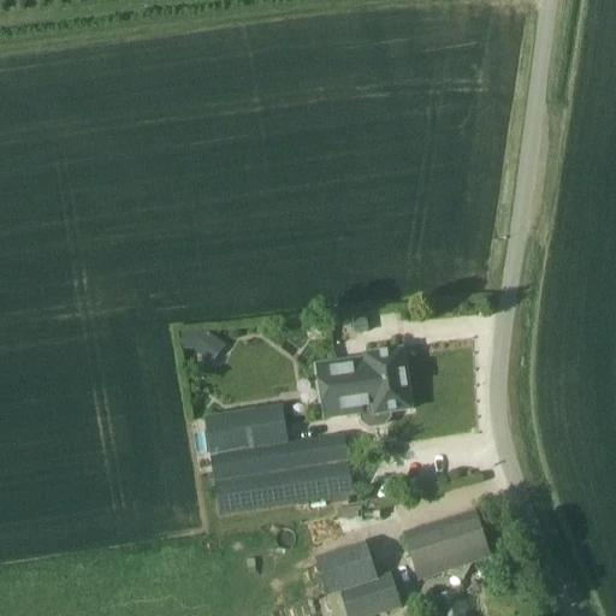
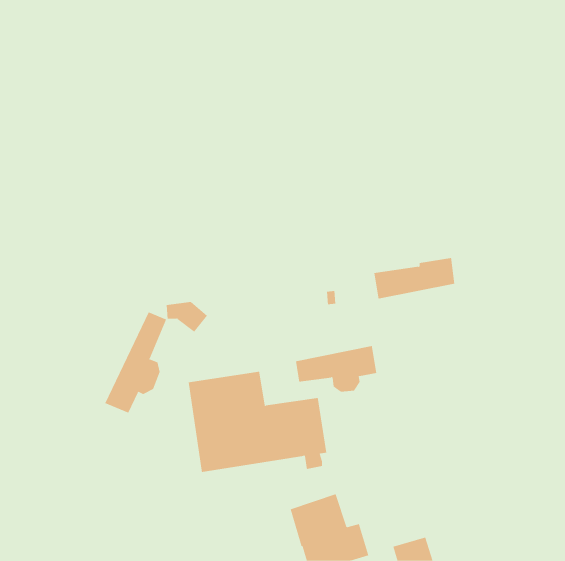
building: none -> [104,312,167,414]
building: [316,348,405,393] -> [373,257,455,299]
building: [405,510,488,578] -> none

